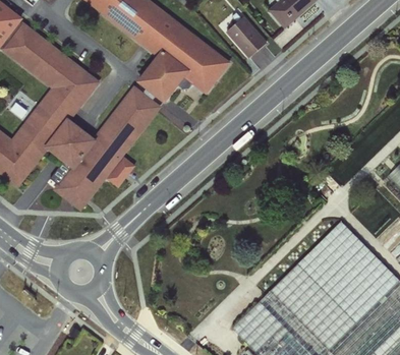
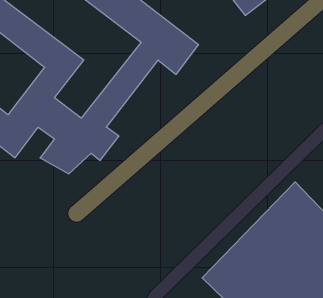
building: [226,18,266,59] -> none

